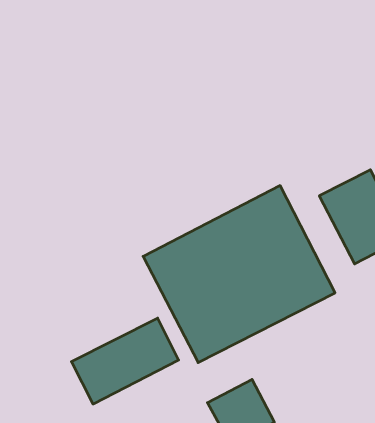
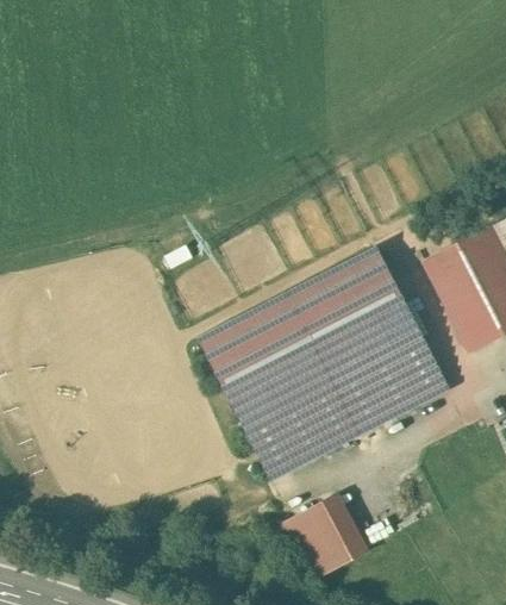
building: [71,318,179,404] -> none

